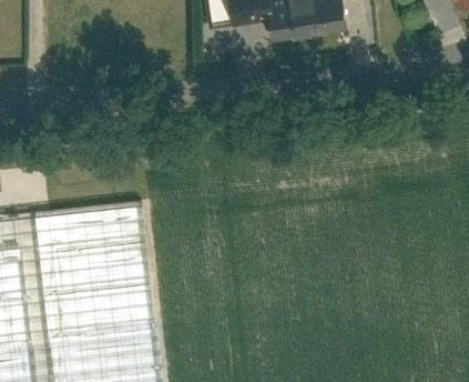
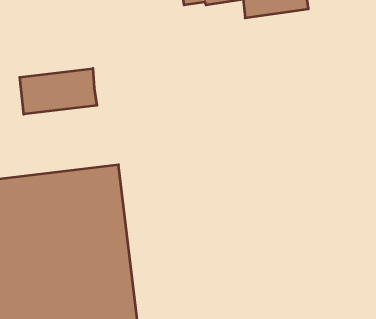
building: none -> [20,68,97,114]

